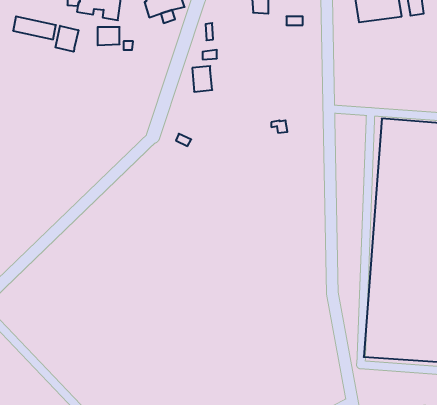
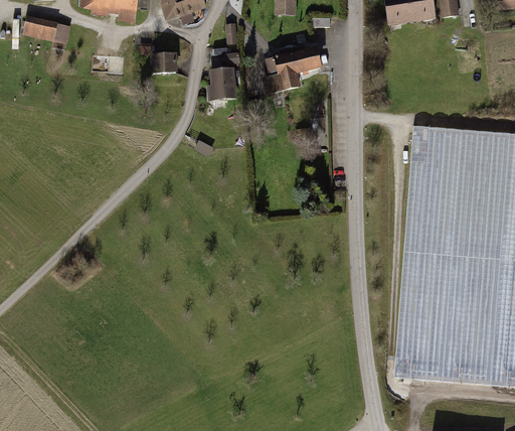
building: [55,26,78,52] -> none
building: [98,27,120,45] -> [153,54,176,74]
building: none -> [266,45,320,93]

